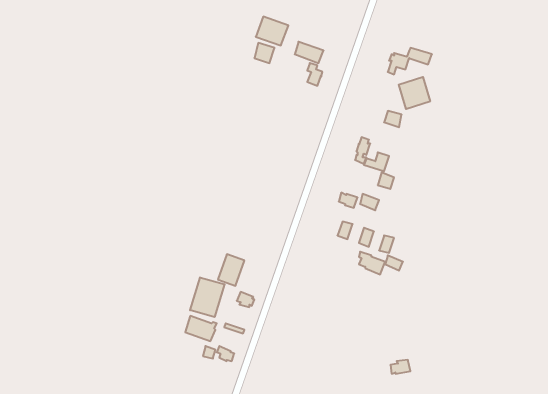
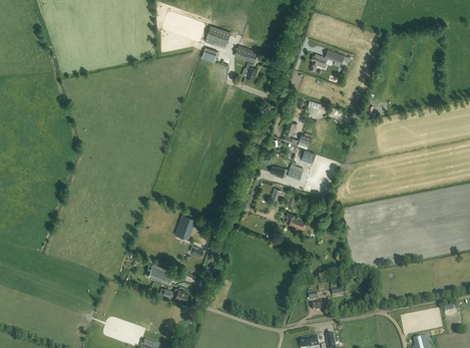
building: [399,77,430,109] -> none
building: [190,277,225,317] -> none

